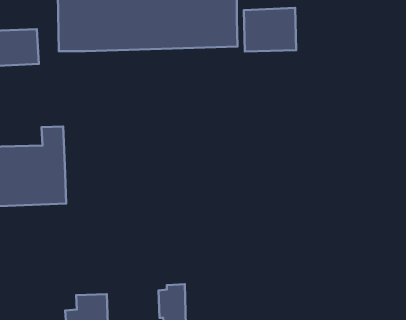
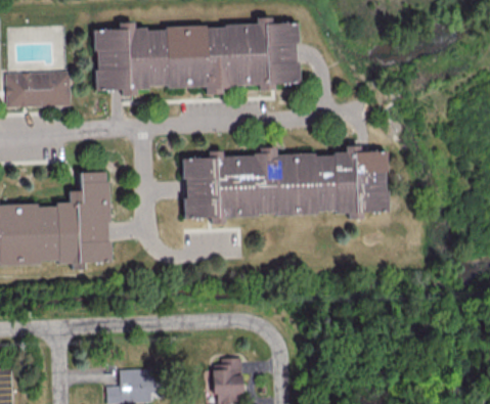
building: [244,8,296,52] -> none
building: none -> [179,149,390,220]

